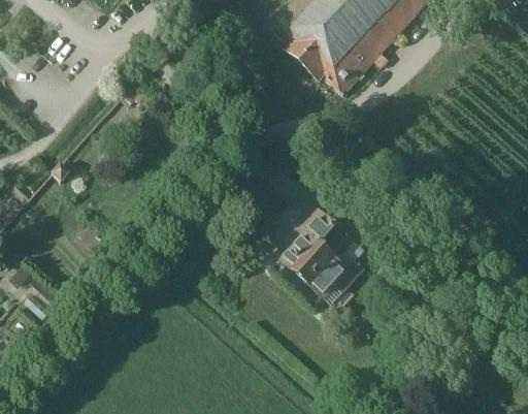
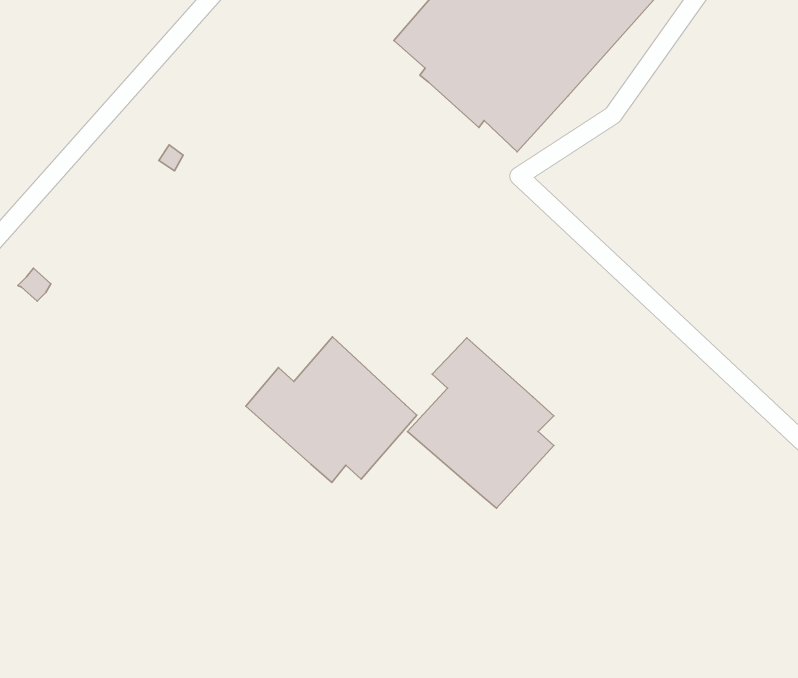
building: none -> [246,337,417,483]

